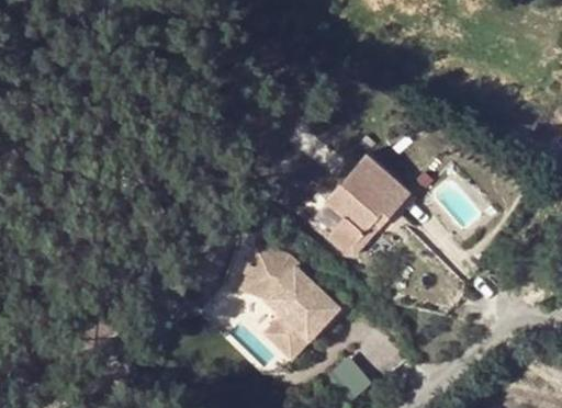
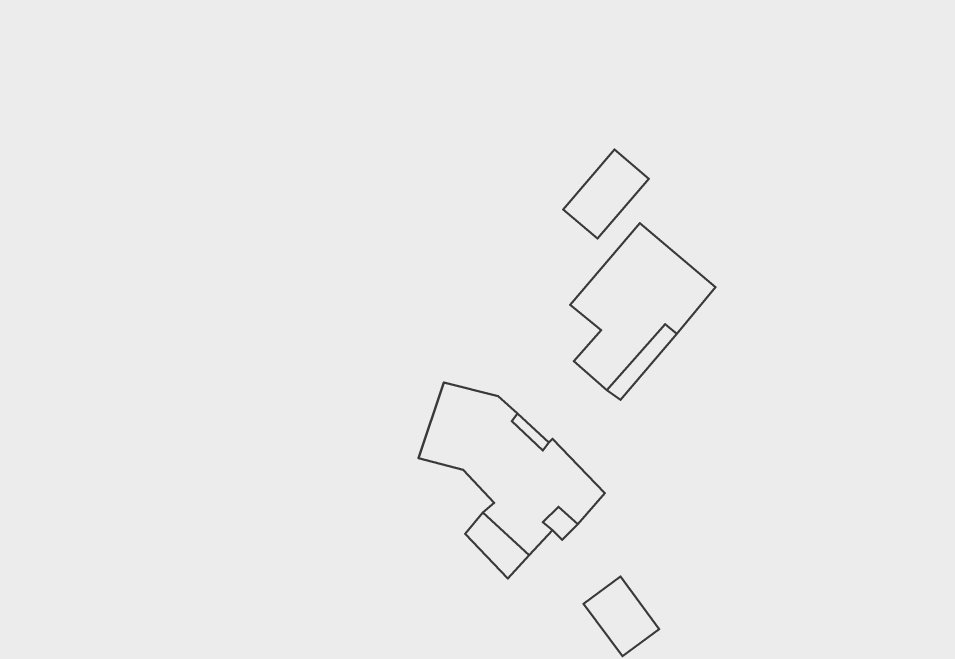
building: none -> [563,150,649,239]

